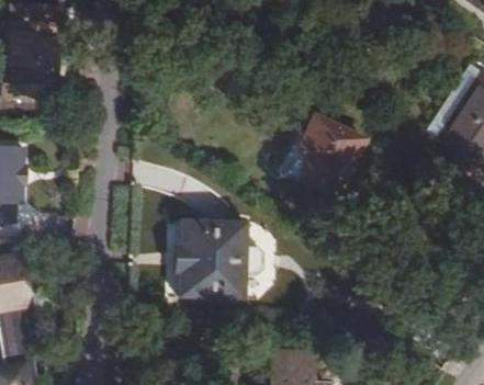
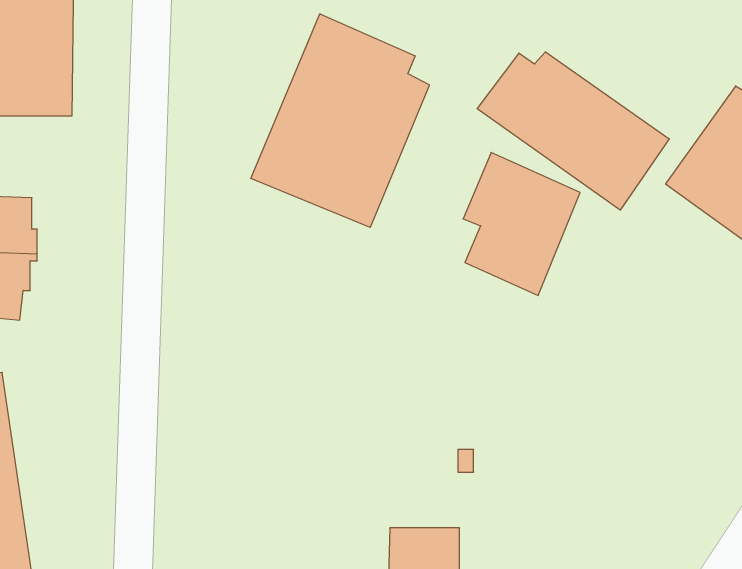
building: none -> [251,14,429,227]
building: none -> [477,52,669,210]
building: [175,218,258,298] -> none

